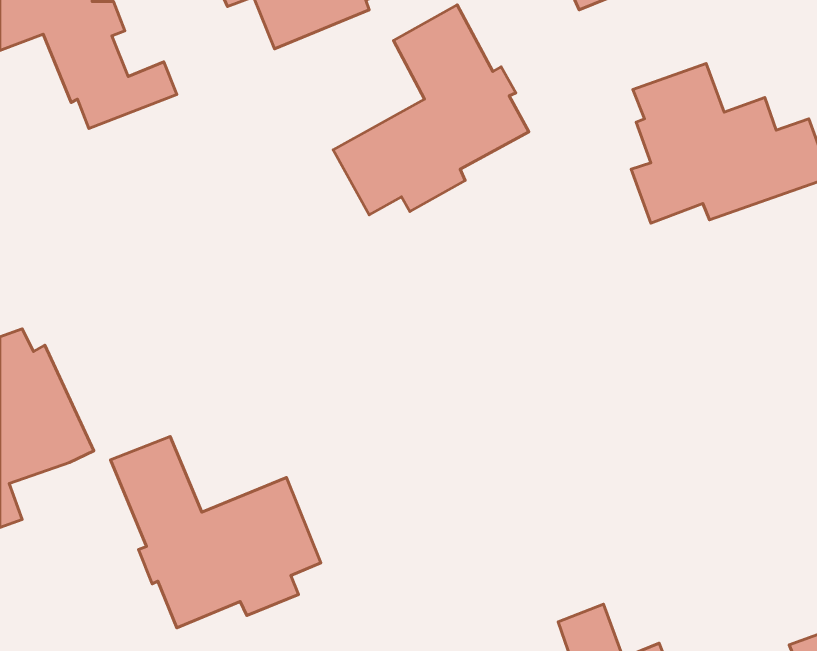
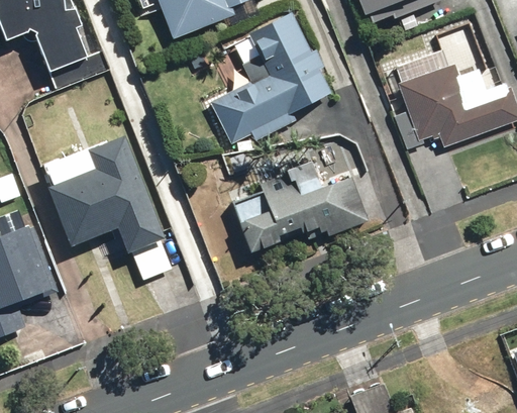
building: none -> [46,137,174,278]
building: none -> [234,160,371,252]
building: [111,436,321,628] -> none

